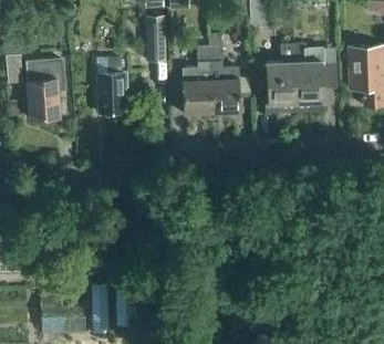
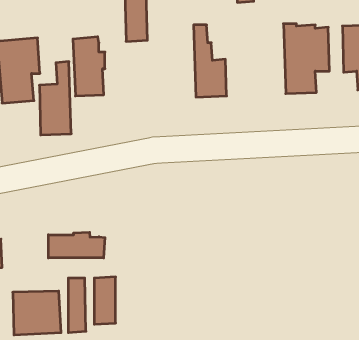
building: [266,44,295,111] -> none
building: [181,45,211,114] -> [39,62,71,135]
building: none -> [48,232,105,258]

